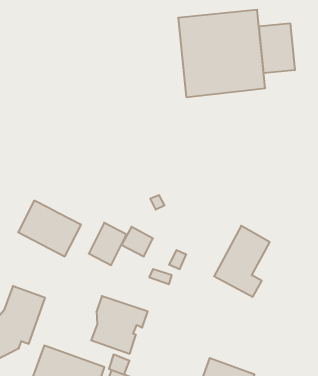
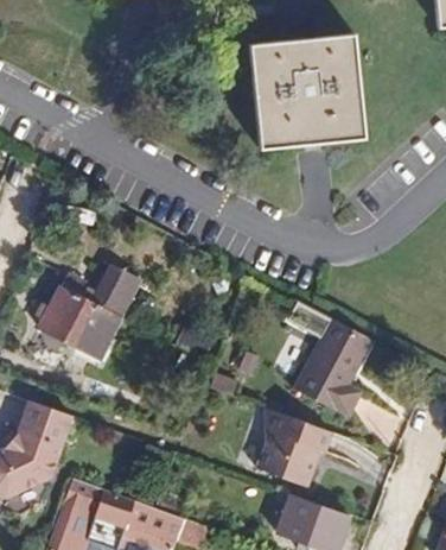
building: [259,23,295,73] -> none
building: [89,223,127,265] -> [91,263,141,318]
building: [91,296,148,354] -> [256,407,331,483]

